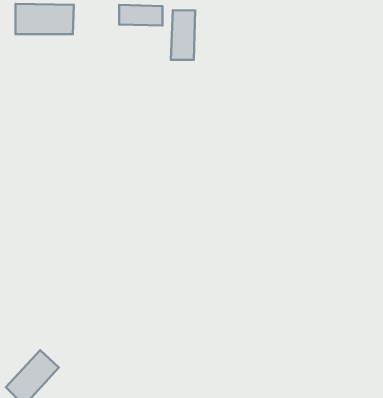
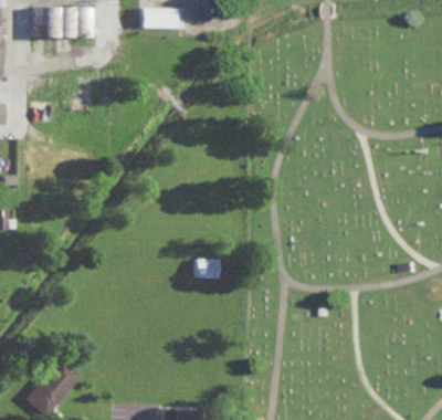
building: [171,10,195,60] -> none
building: none -> [193,260,217,280]

